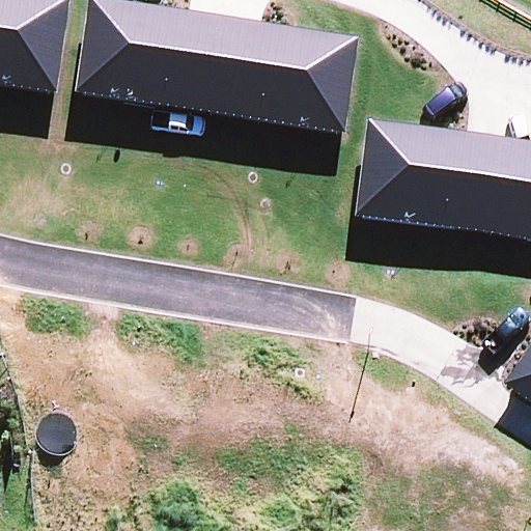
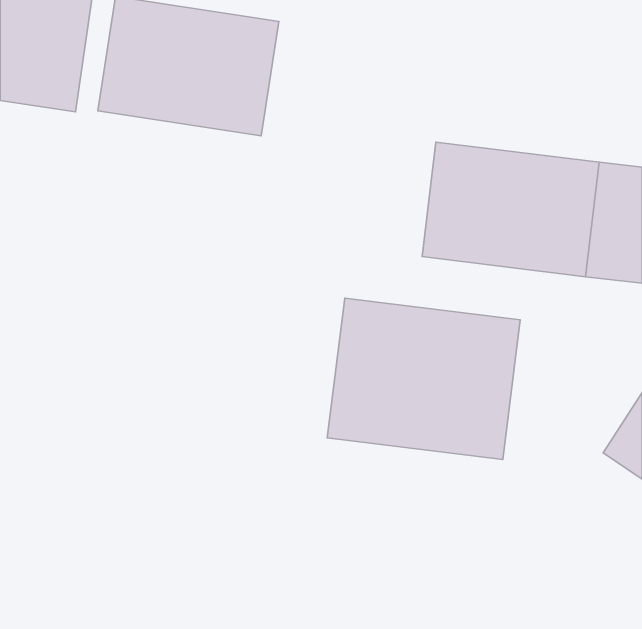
building: [216,18,365,132] -> none
building: none -> [327,298,520,459]

